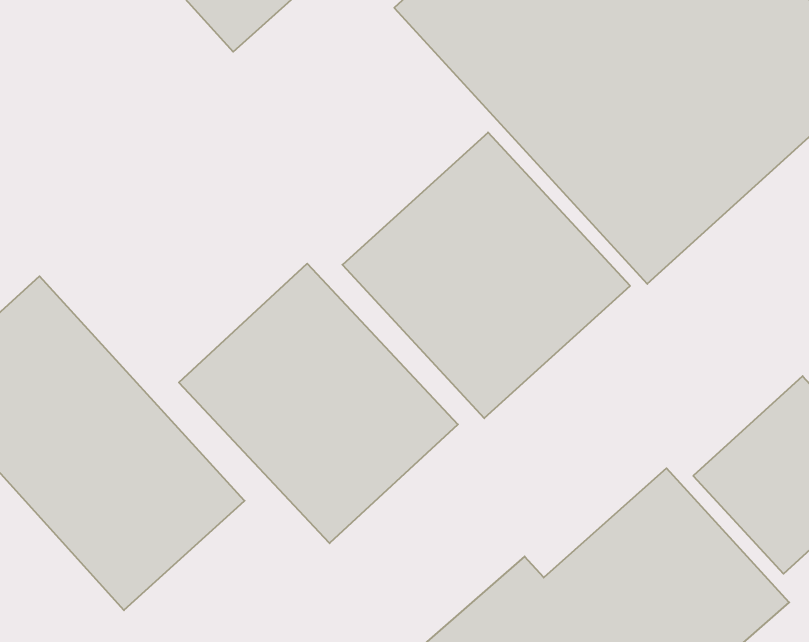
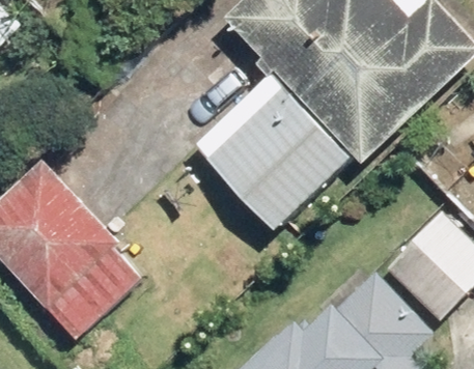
building: [179,264,458,543] -> none

